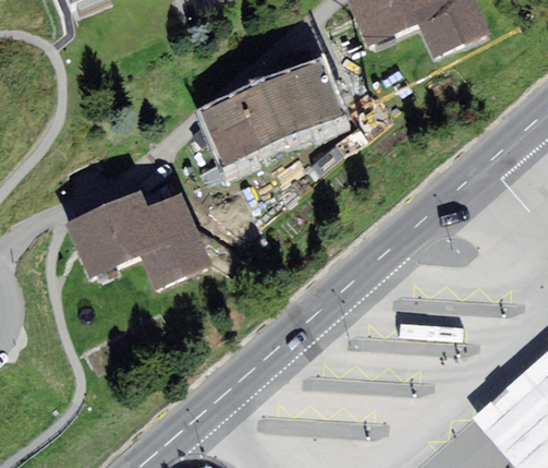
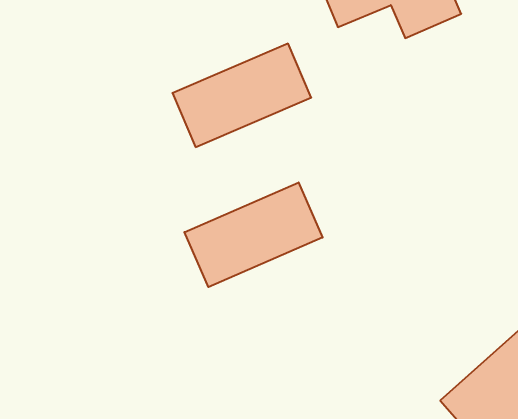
building: [69,189,215,291] -> none
building: none -> [184,182,323,287]

